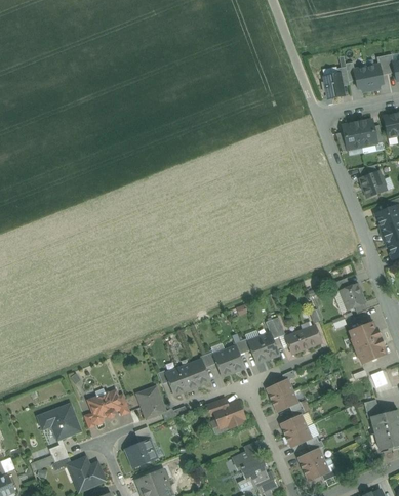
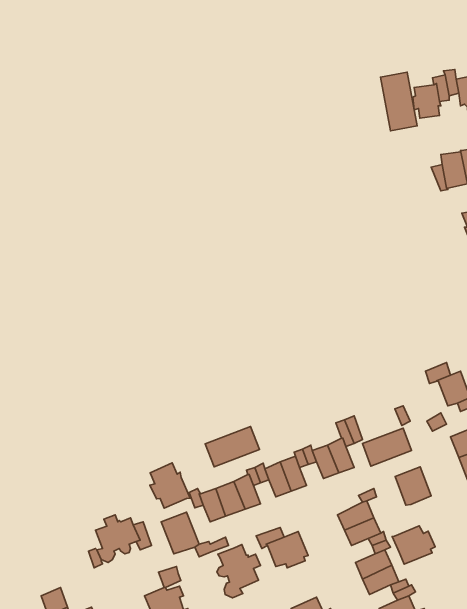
building: none -> [381,72,417,131]
building: none -> [205,427,259,467]
building: none -> [150,463,190,508]
building: none -> [395,467,431,505]
building: none -> [392,526,435,564]
building: [38,404,81,443] -> none
building: none -> [217,545,261,598]

